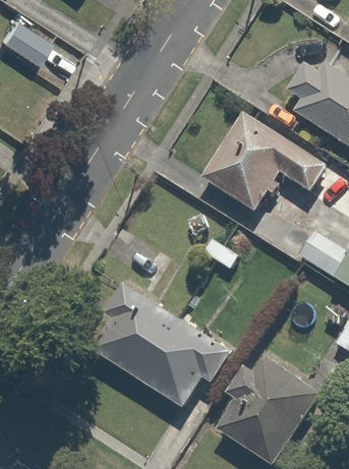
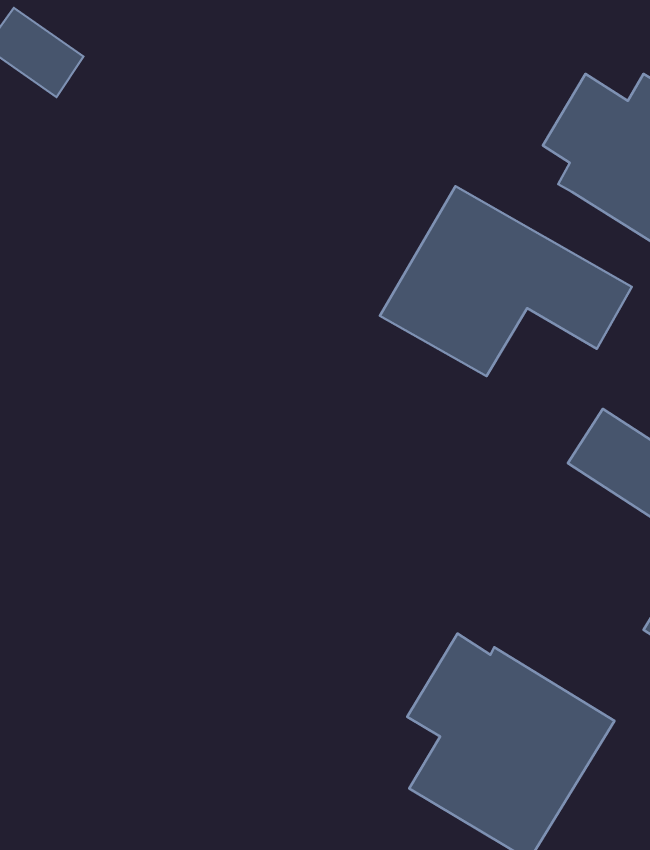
building: [88,283,230,409] -> none

